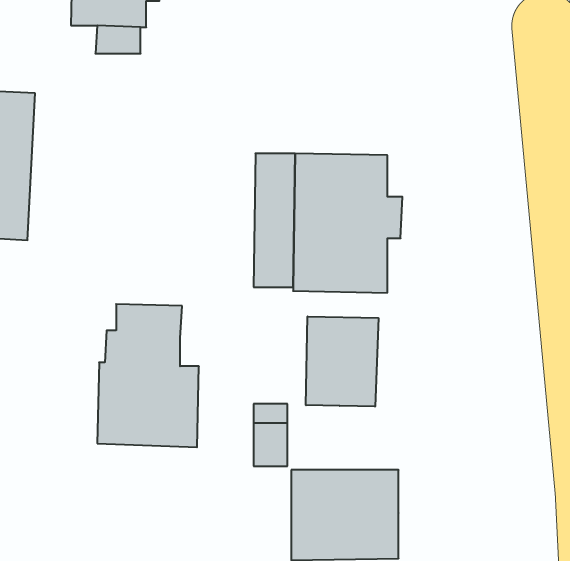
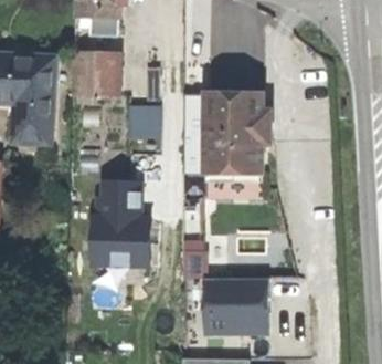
building: none -> [73,51,118,97]
building: none -> [128,106,160,136]
building: [306,316,378,407] -> none

